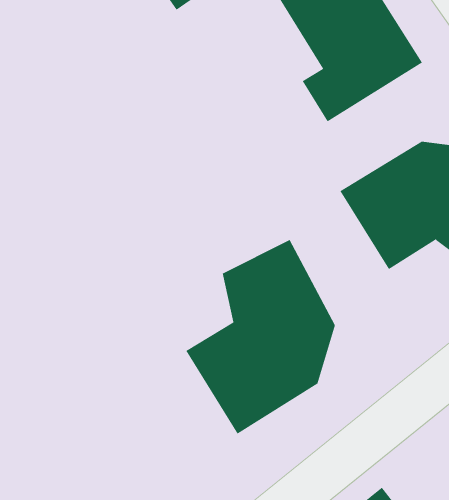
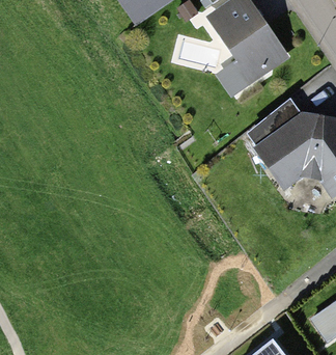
building: [186,239,336,434] -> none

